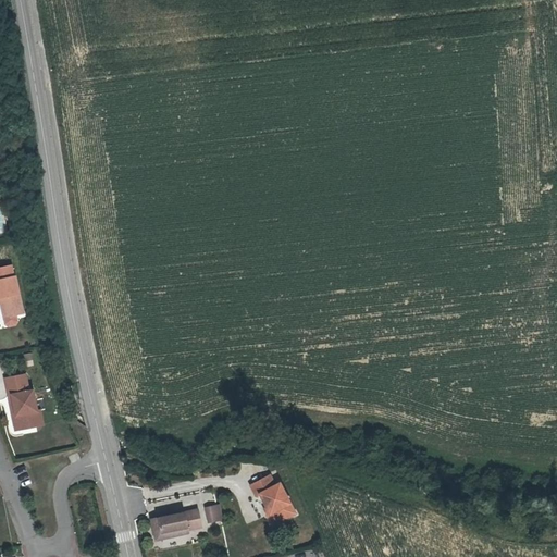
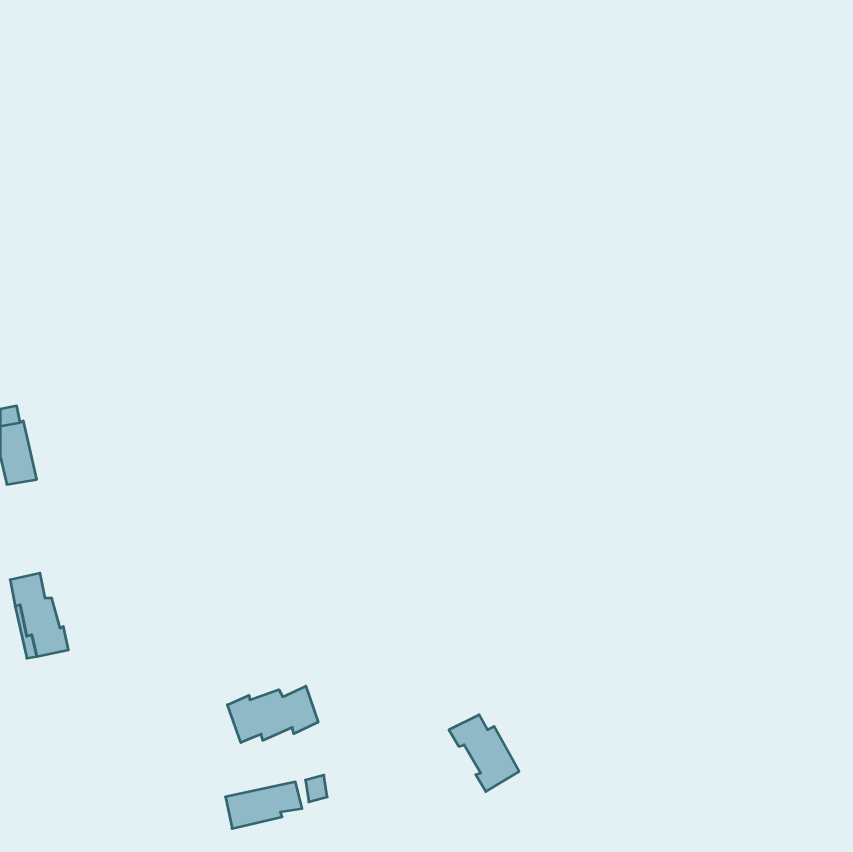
building: none -> [227,686,318,743]
building: [243,474,288,524] -> [449,715,519,792]

